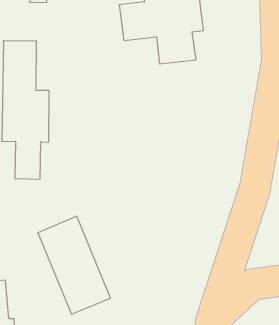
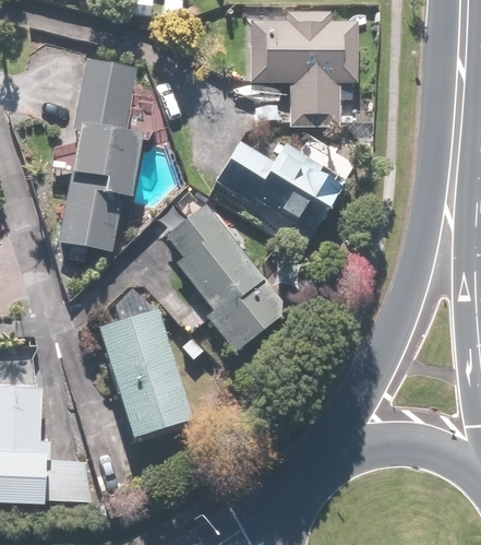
building: none -> [224,133,347,233]
building: none -> [160,206,287,344]

